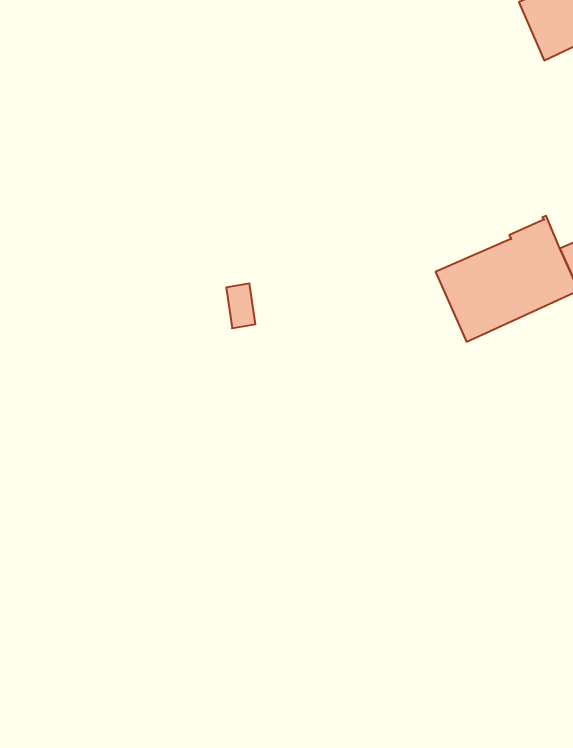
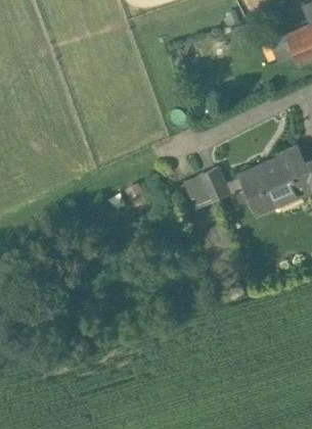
building: none -> [194,164,226,201]

